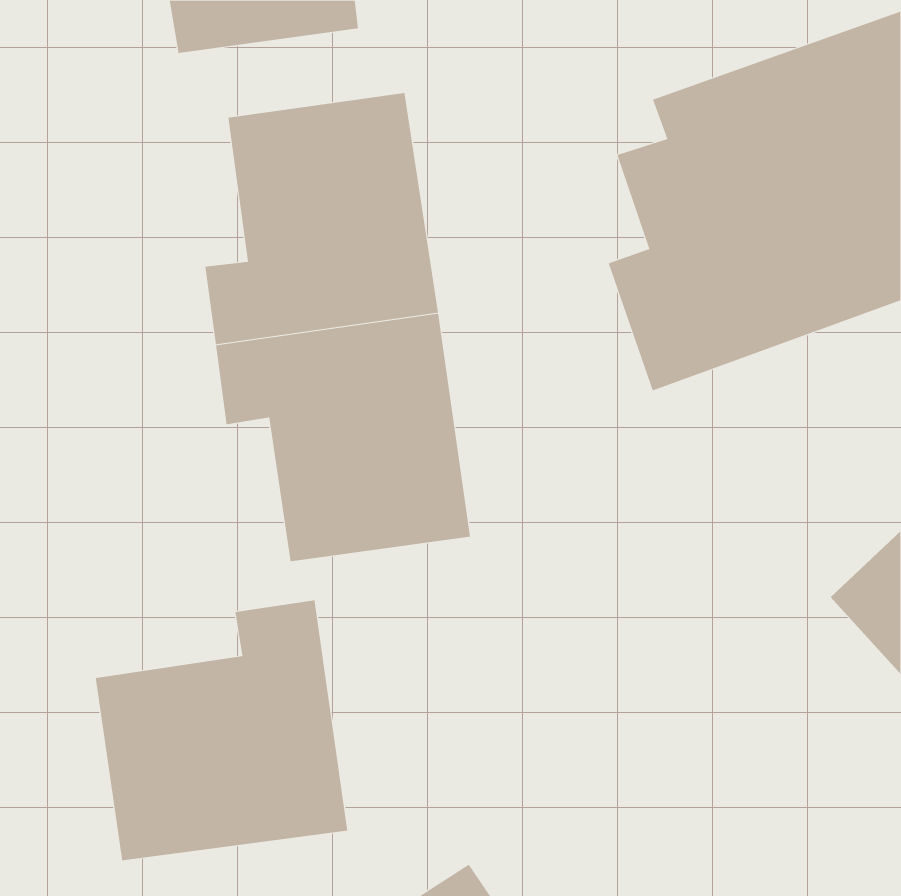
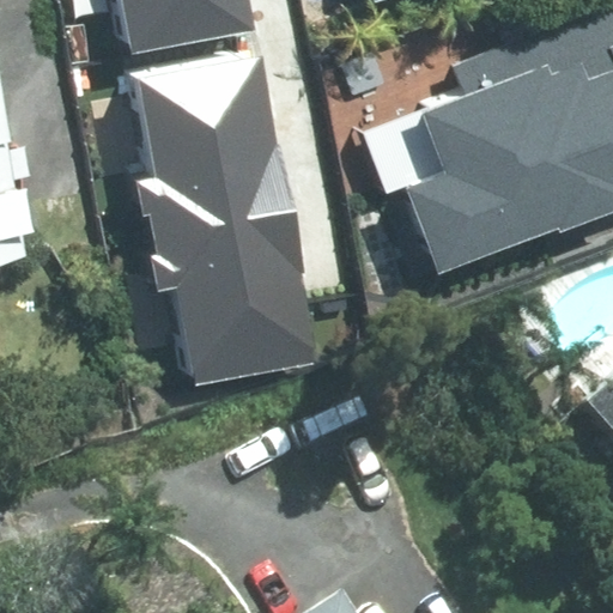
building: [95,600,348,861] -> none

